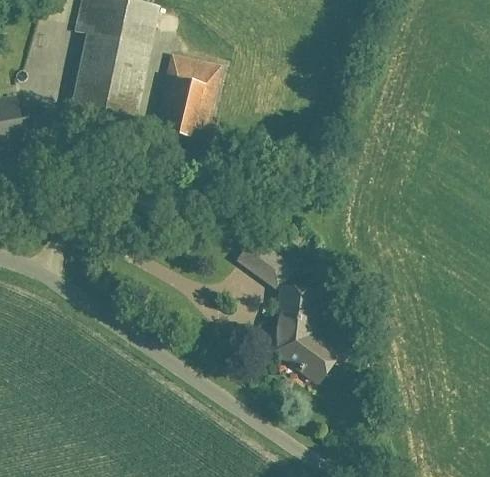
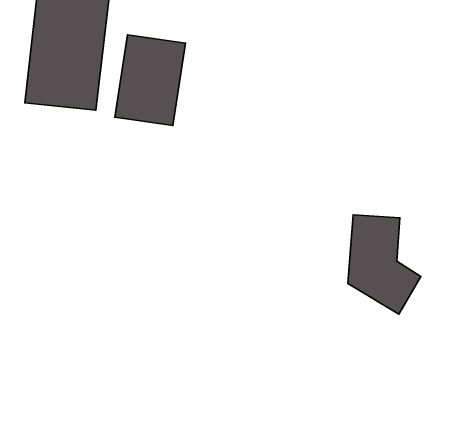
building: [235,234,291,286] -> none
building: [272,287,340,382] -> [348,215,421,314]

